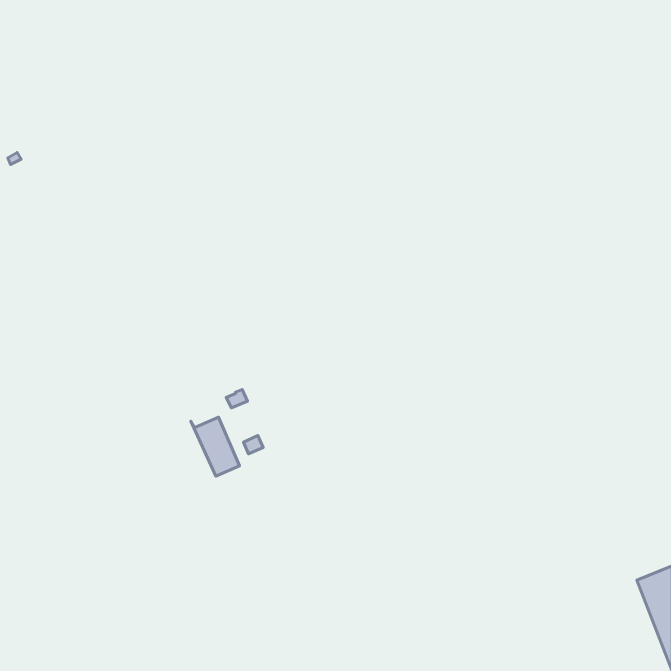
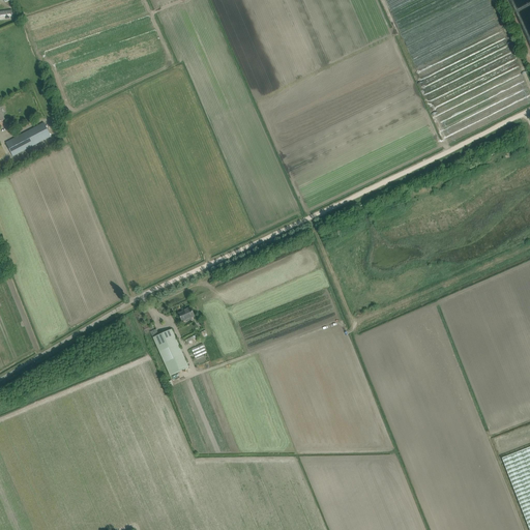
building: none -> [6,122,52,155]

